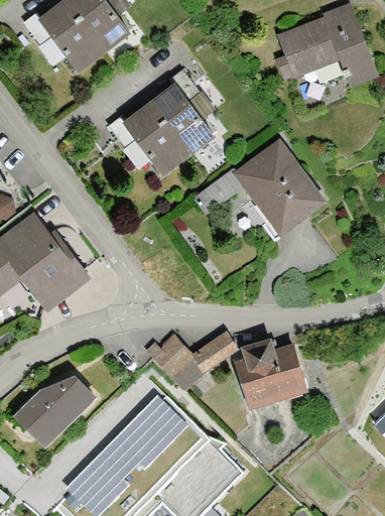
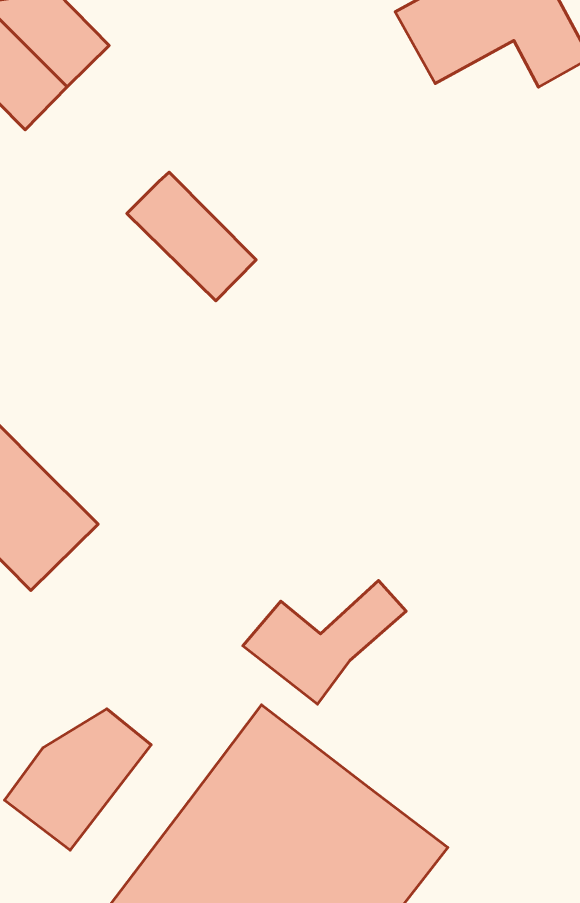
building: [150,85,214,155] -> none
building: [215,138,328,239] -> none
building: [235,337,307,407] -> none

